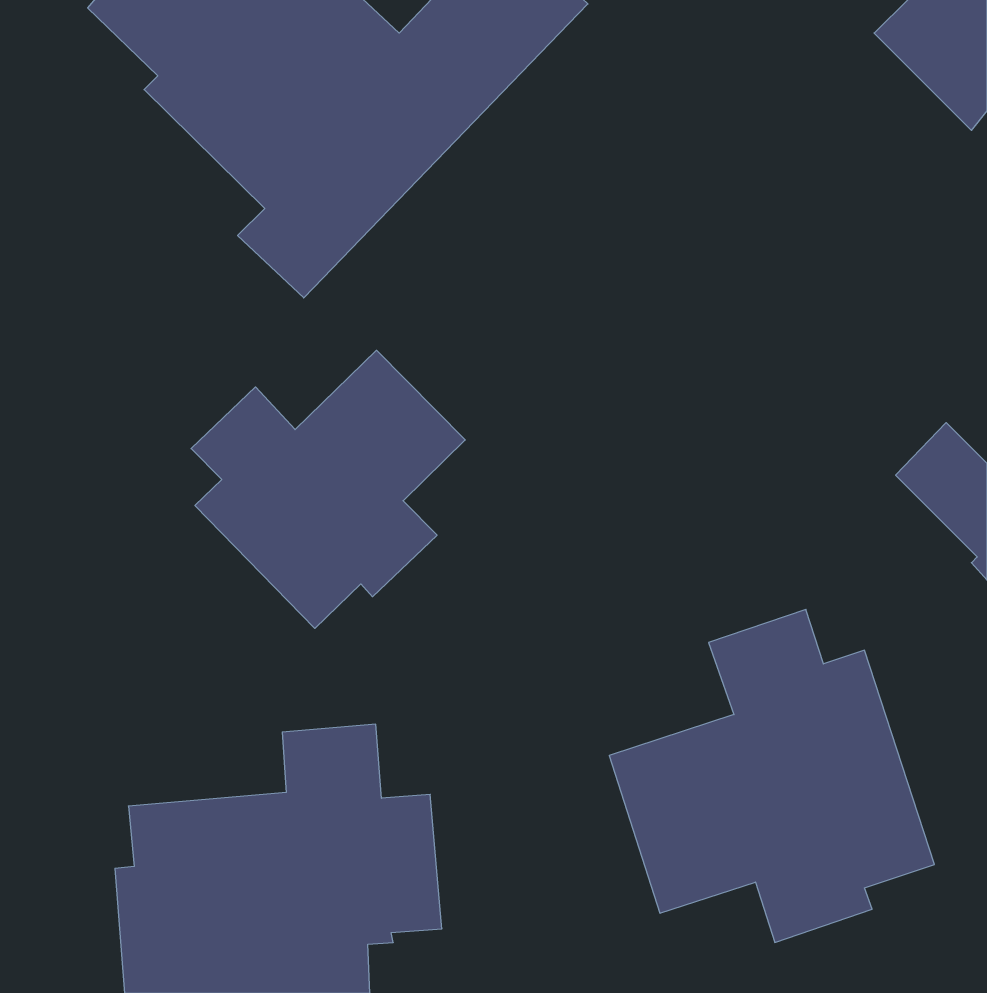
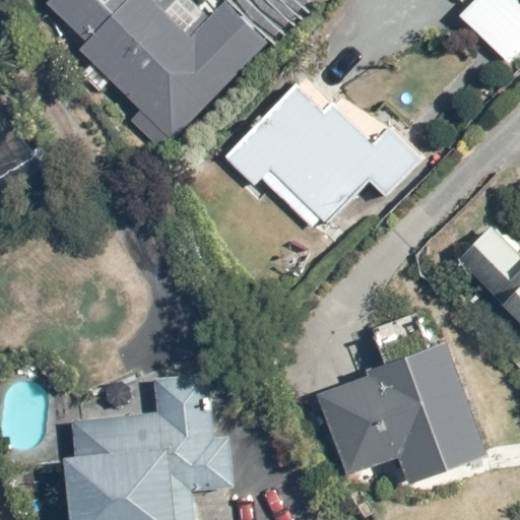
building: none -> [222,70,425,235]
building: [191,350,465,628] -> none

